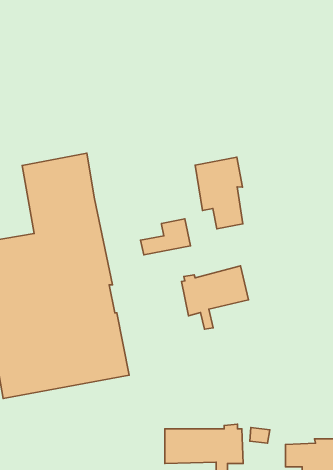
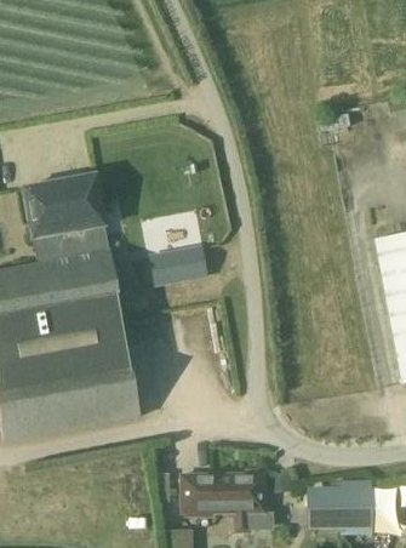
building: [195,157,243,229] -> none
building: [181,266,248,329] -> none

